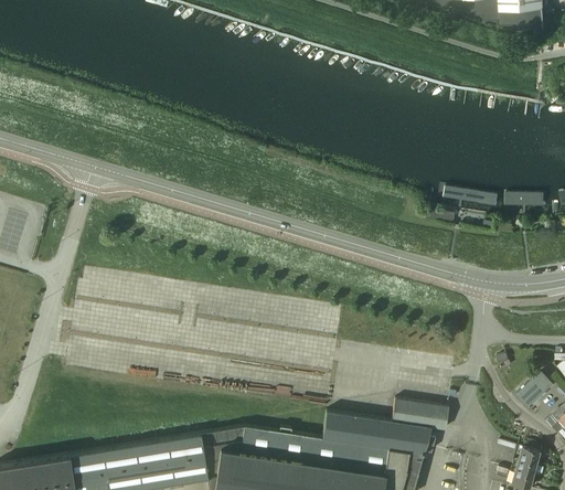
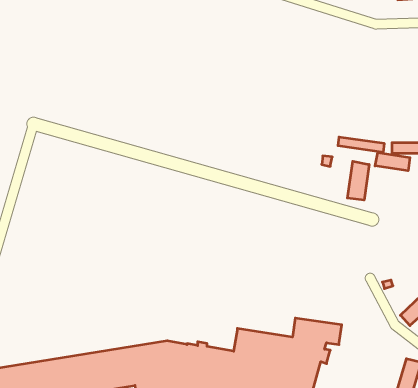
building: none -> [375,152,410,171]
building: none -> [347,161,369,200]

